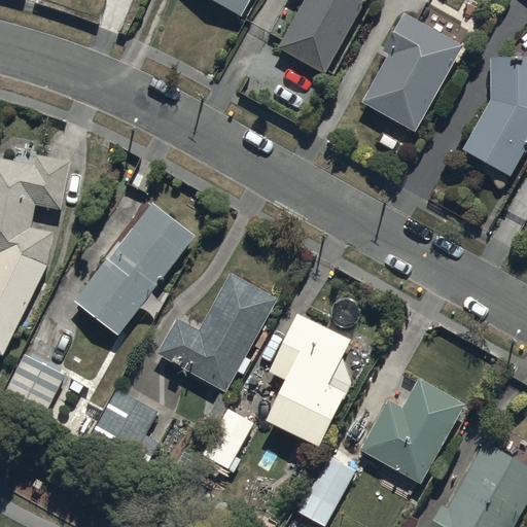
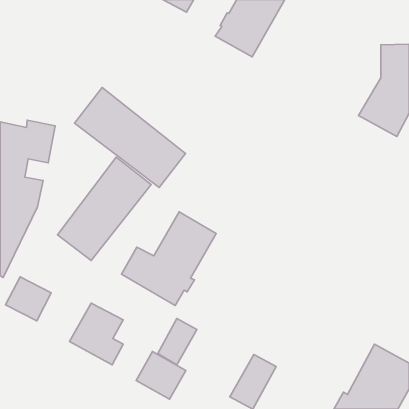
building: [360,12,463,132] -> none
building: none -> [75,88,186,187]
building: [266,314,352,448] -> none
building: [359,378,465,484] -> none
building: none -> [136,352,186,399]

